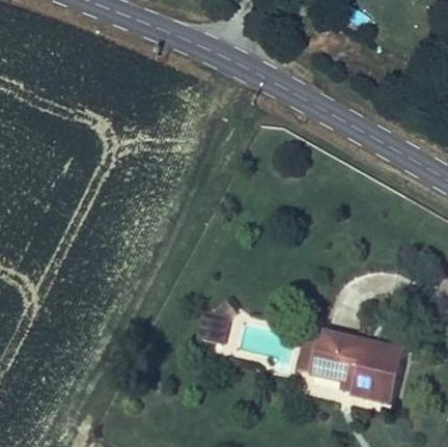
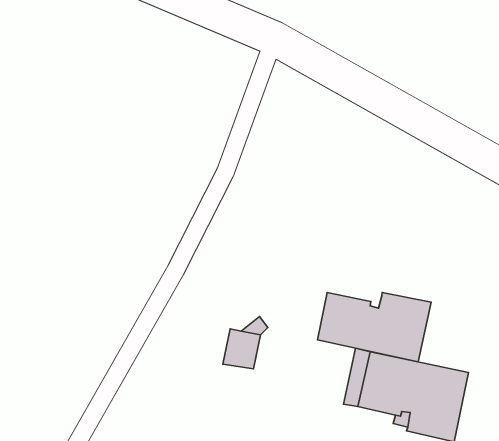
building: none -> [317,292,431,362]

